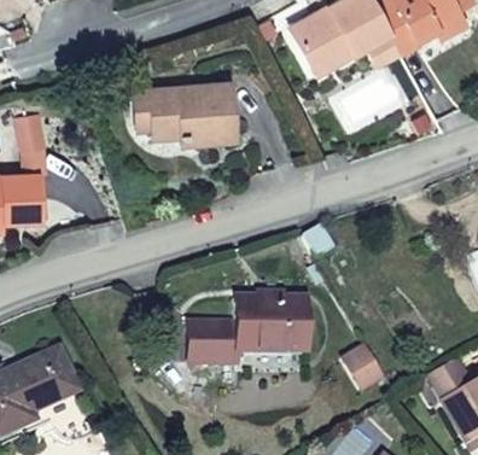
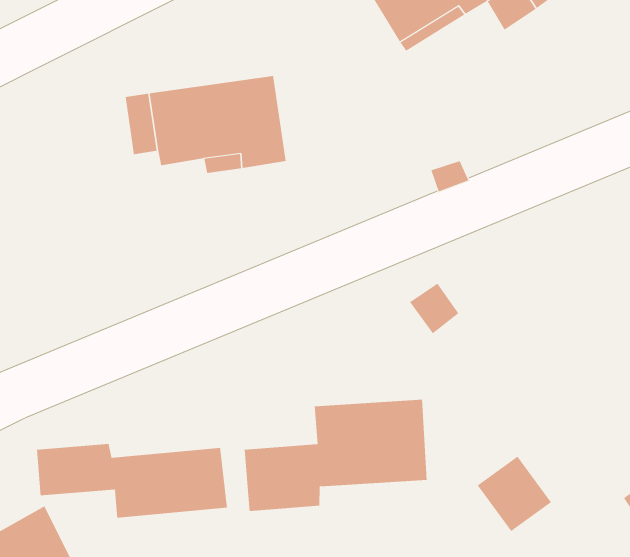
building: none -> [36,443,227,518]

